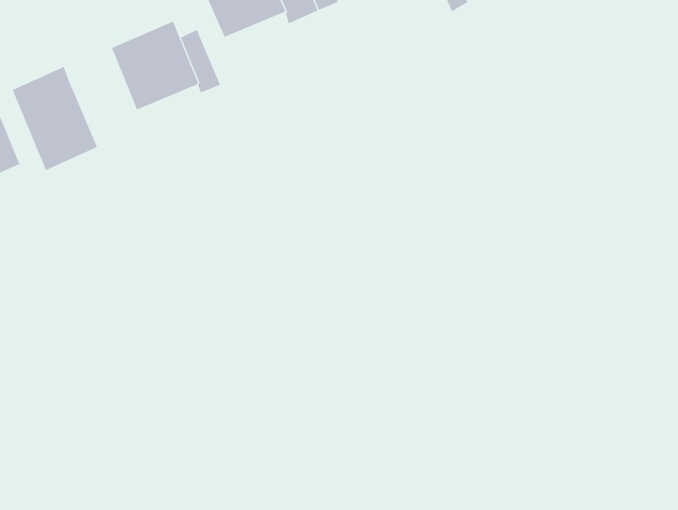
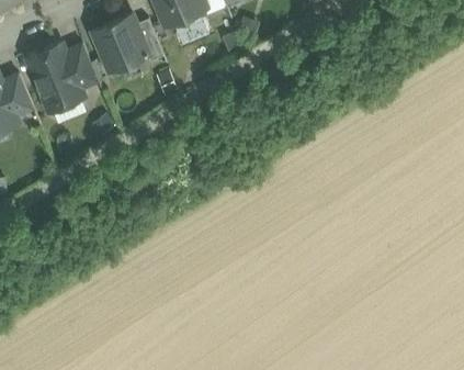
building: none -> [65,45,99,89]

